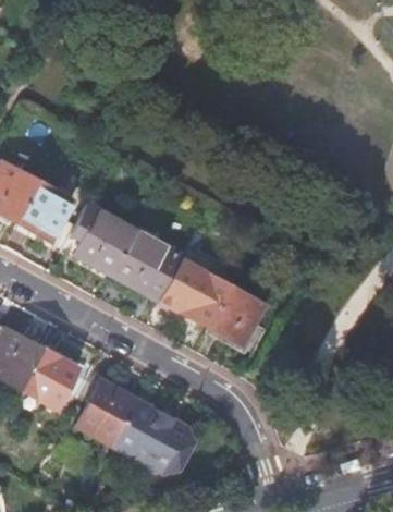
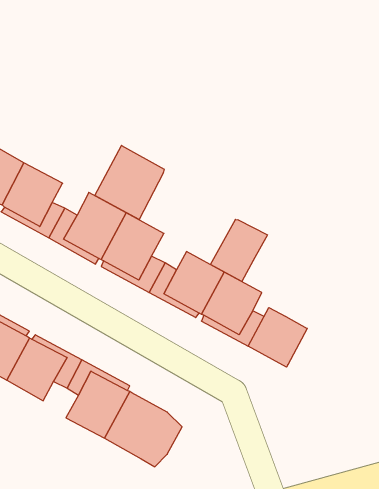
building: none -> [95,145,164,219]
building: none -> [210,219,267,282]
building: none -> [248,308,307,367]

